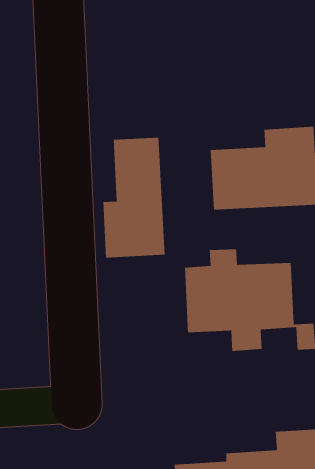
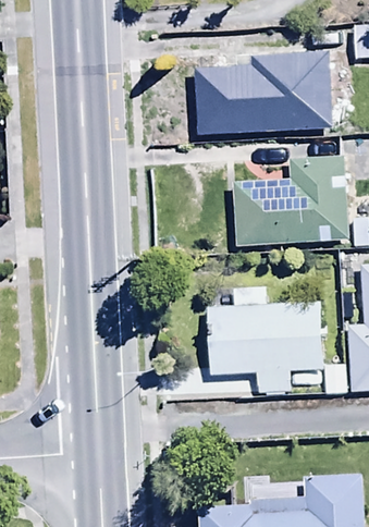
building: none -> [197,51,332,134]
building: [102,137,166,258] -> none

